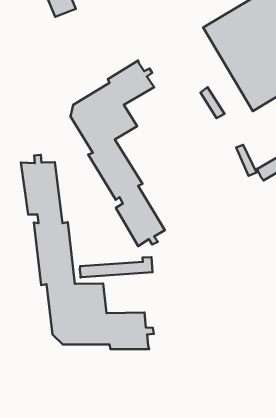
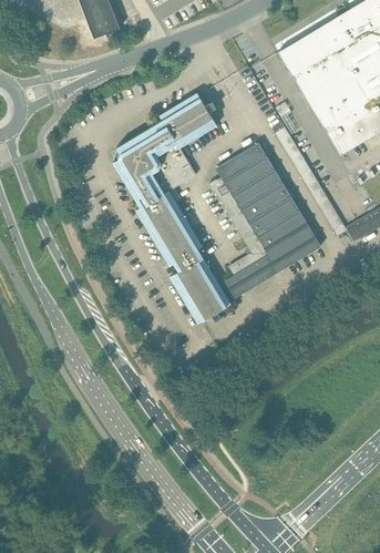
building: none -> [208,142,320,297]
building: [21,155,154,349] -> none
building: [80,257,152,278] -> none

